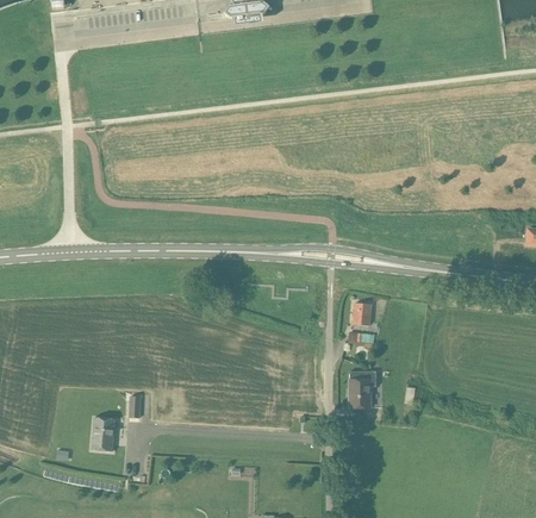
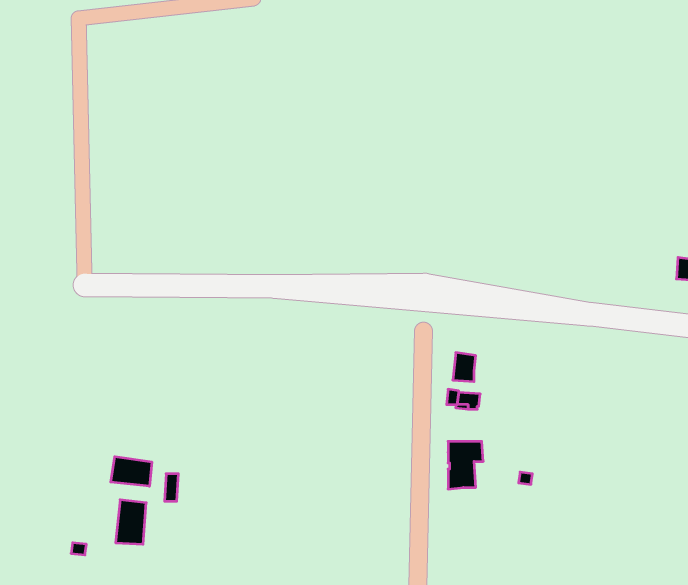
building: none -> [111,457,152,486]

